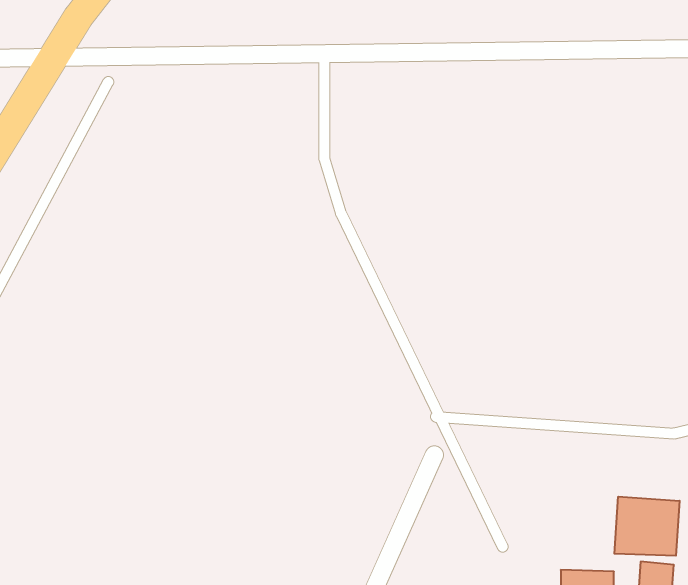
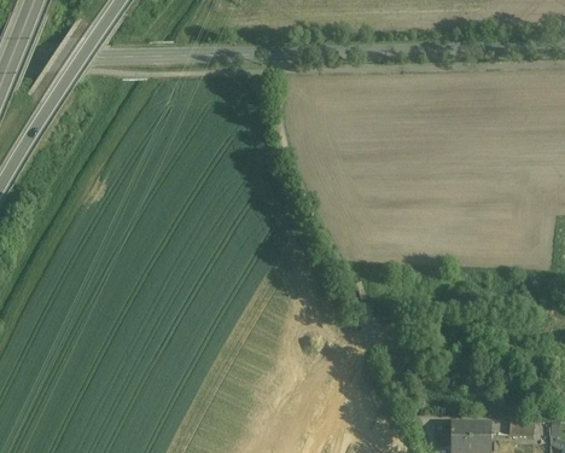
building: [614,497,680,556] -> none

